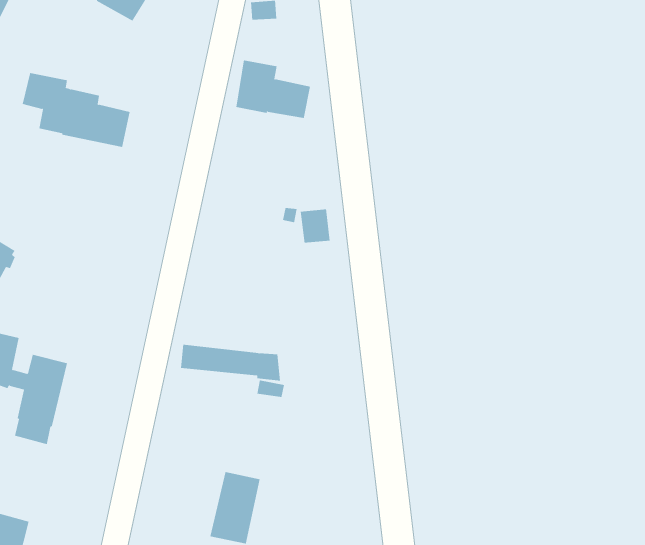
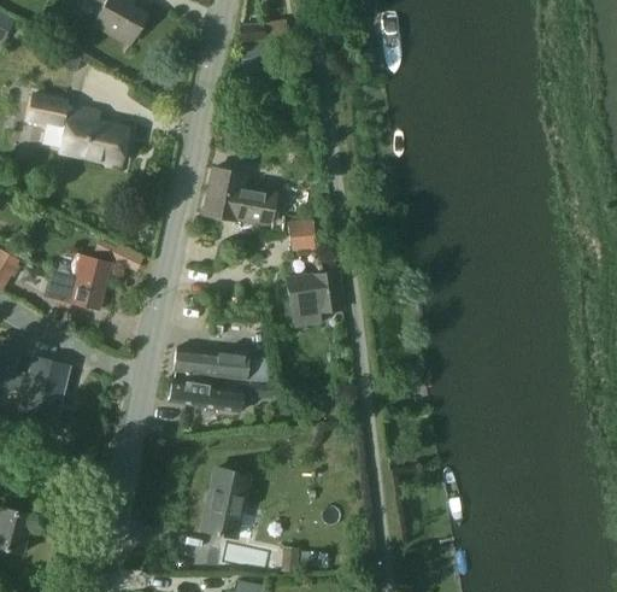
building: [236,60,311,119] -> [204,168,275,223]
building: none -> [45,253,110,307]
building: none -> [287,271,342,324]
building: none -> [169,380,241,412]

